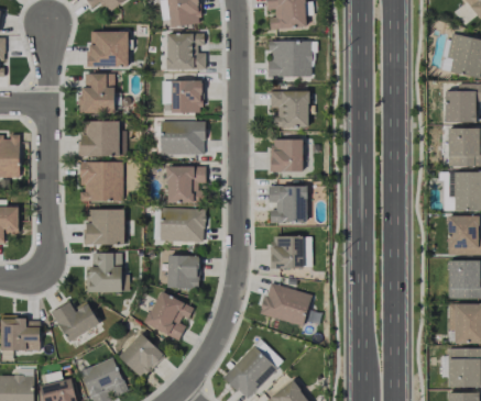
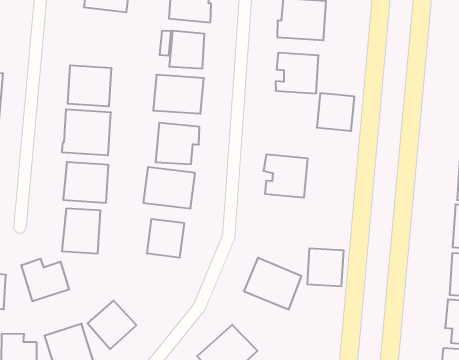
building: [81,74,114,113] -> none
building: [271,140,303,171] -> [317,93,354,131]
building: [271,235,304,269] -> [307,248,344,286]
building: [144,290,194,341] -> none

